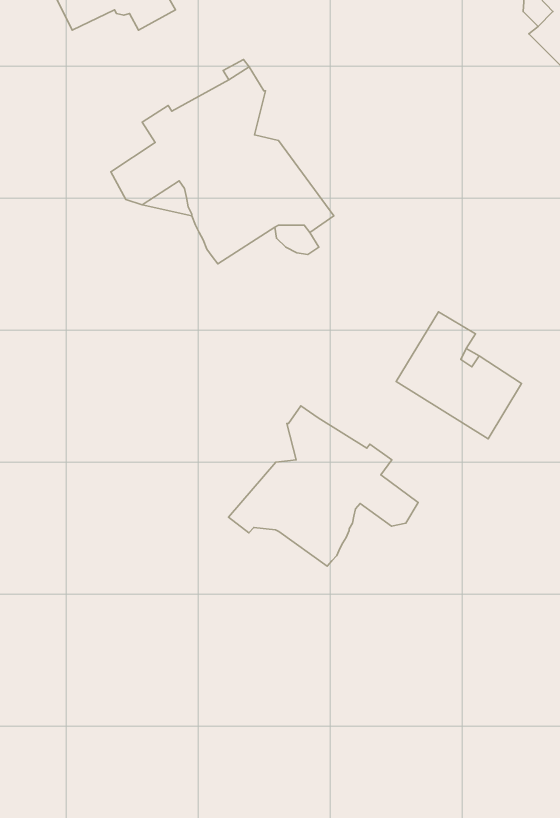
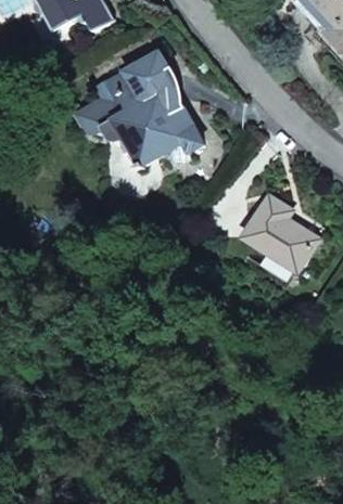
building: [229,406,418,566] -> none

